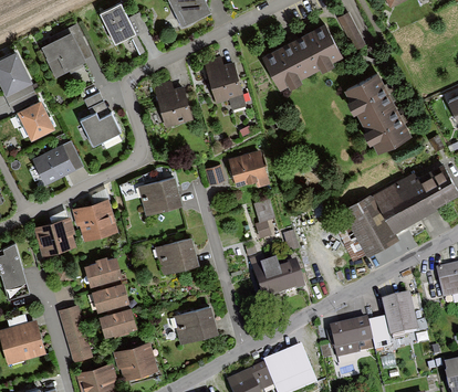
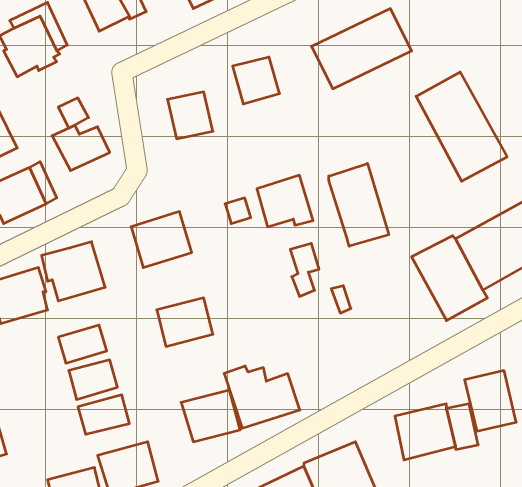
building: none -> [329,163,389,246]
building: [248,252,303,297] -> [224,366,300,428]
building: [58,305,93,363] -> none

